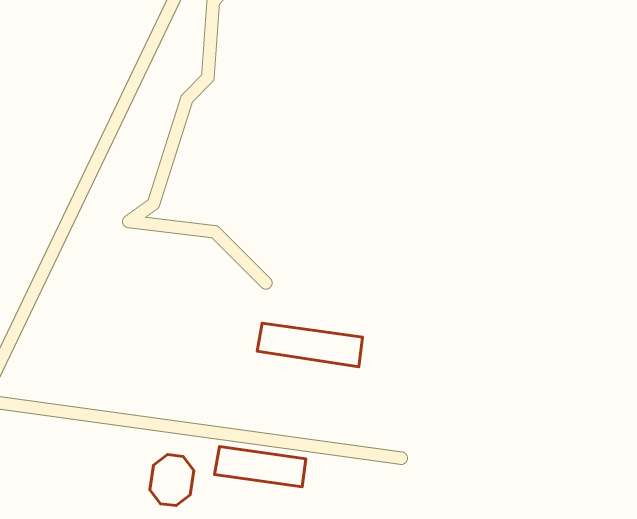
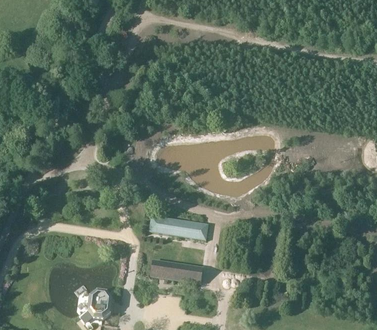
building: [214,446,306,487] -> [149,260,201,283]

